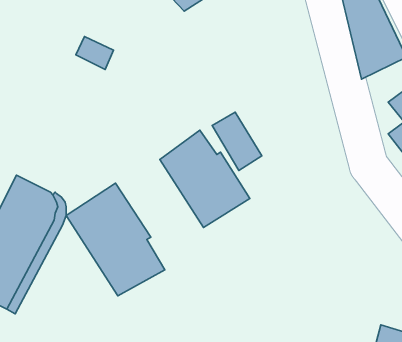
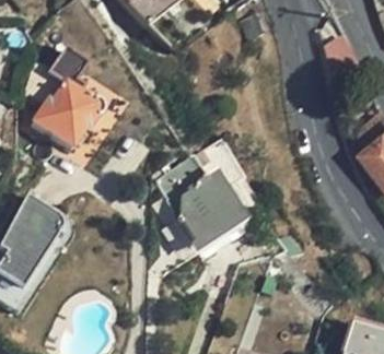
building: none -> [24,50,98,148]
building: [66,183,165,296] -> none

